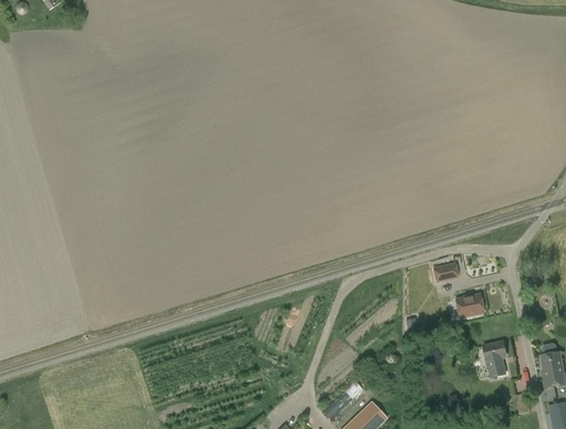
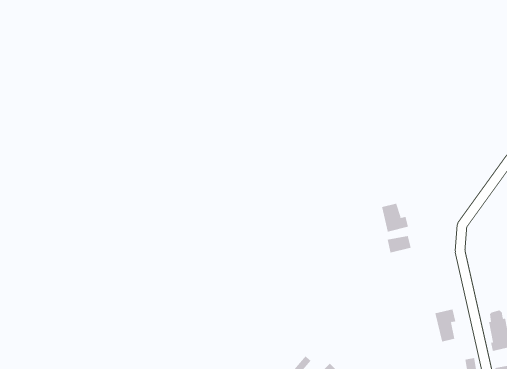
building: none -> [382,203,408,233]
building: [454,295,482,317] -> none

